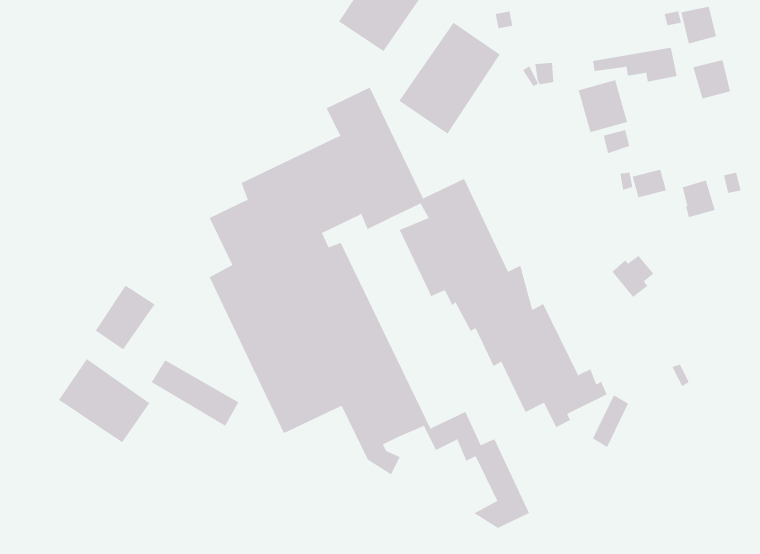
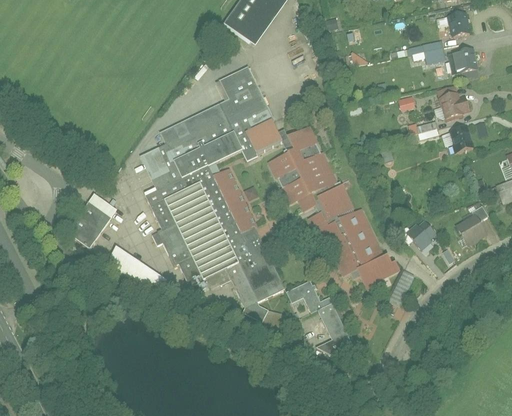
building: [398,22,500,134] -> none
building: [578,79,628,133] -> [437,85,470,120]
building: [612,255,654,298] -> [407,221,435,249]
building: none -> [455,210,491,245]
building: [58,358,150,443] -> none

